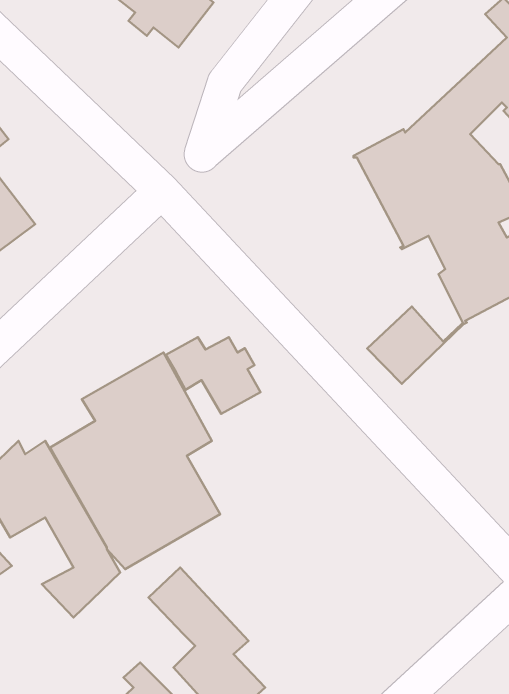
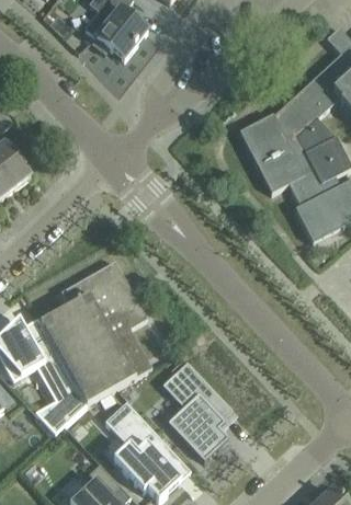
building: [367,307,463,384] -> none
building: [166,337,260,414] -> none
building: none -> [162,360,233,460]

